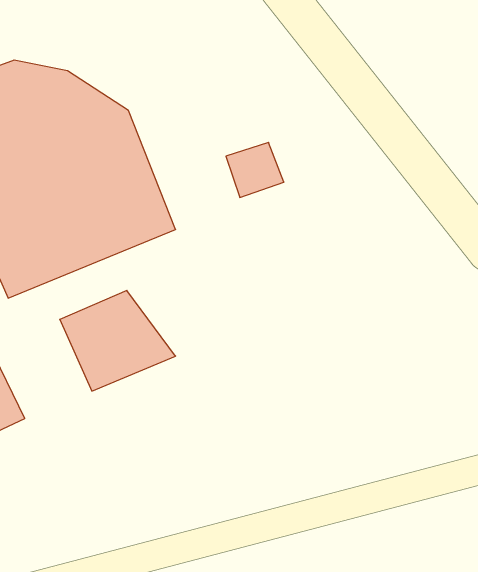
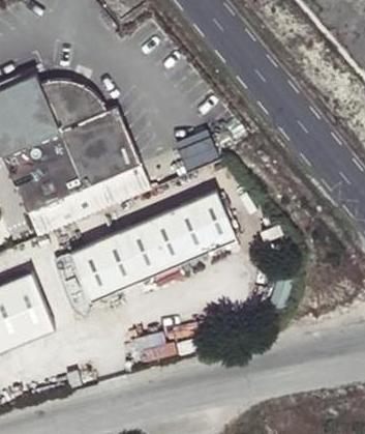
building: none -> [118,192,241,279]

